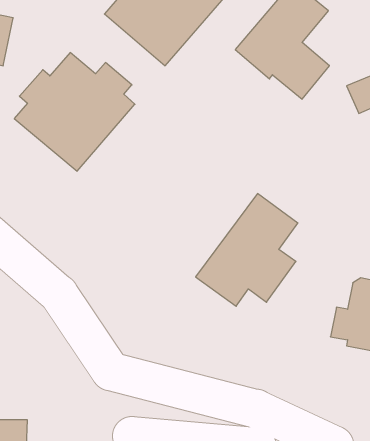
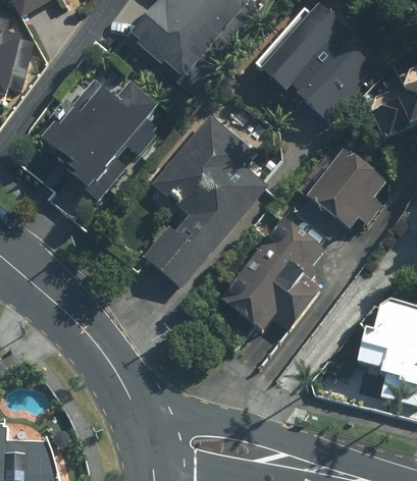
building: none -> [146,109,269,284]
building: none -> [305,147,386,228]

